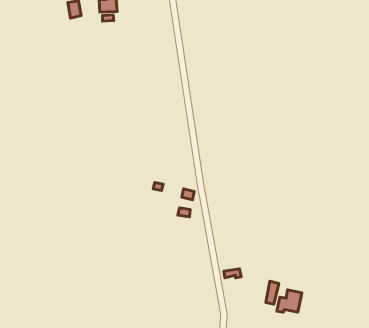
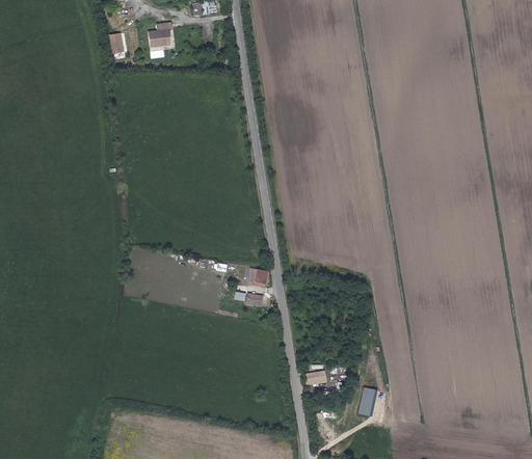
building: [277,290,302,312] -> none

